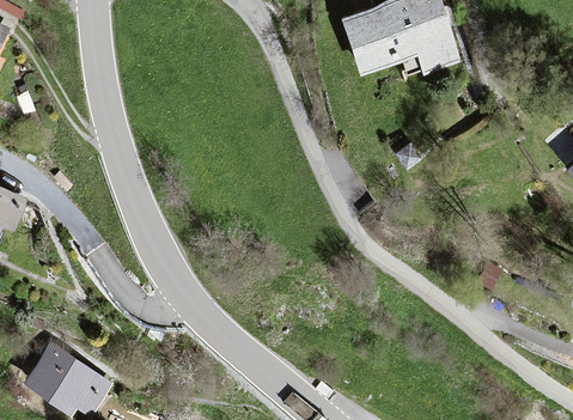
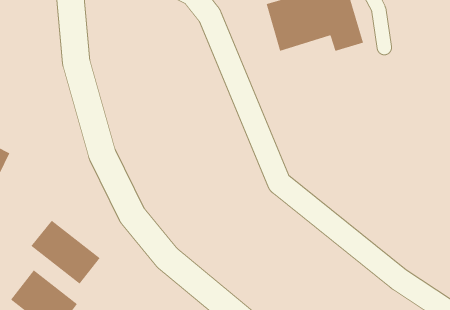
building: none -> [31,220,101,285]

